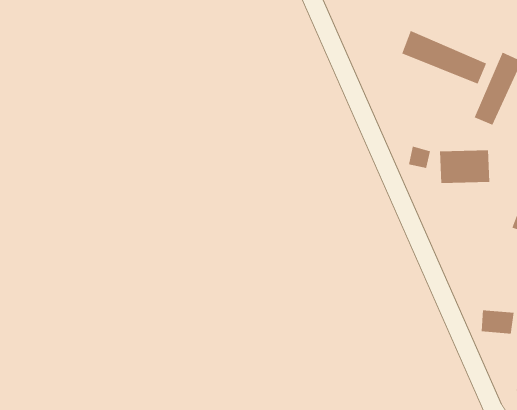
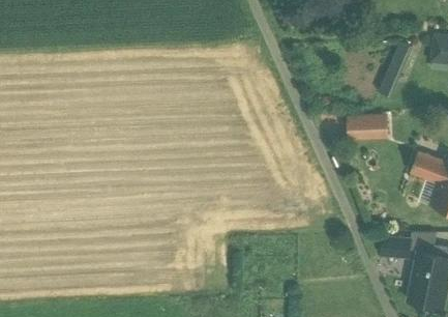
building: [401,30,487,84] -> none

